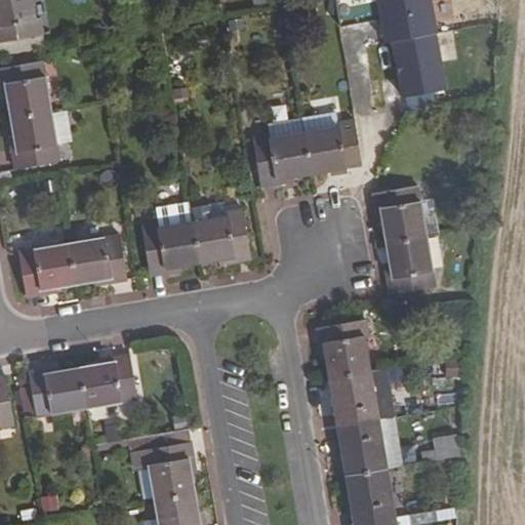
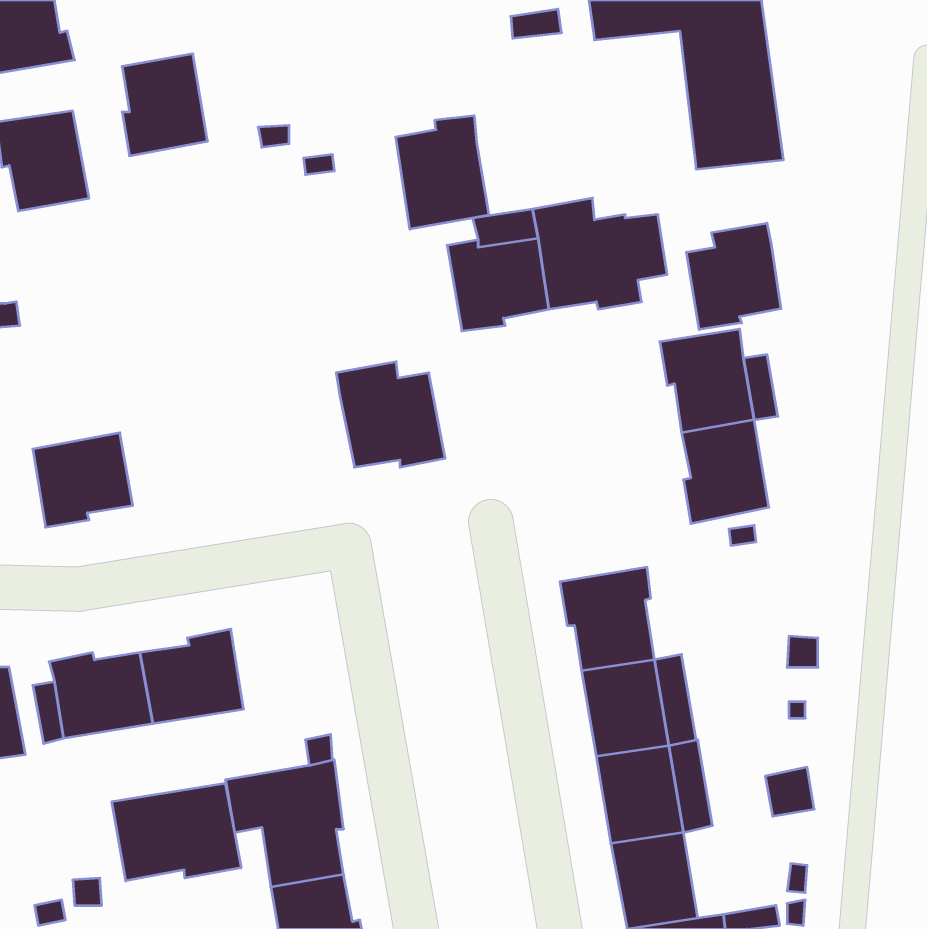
building: none -> [396,116,489,229]
building: [10,112,58,169] -> [122,54,208,156]
building: none -> [687,223,781,330]
building: [142,203,200,276] -> none
building: [68,235,127,285] -> none
building: none -> [112,783,241,881]

